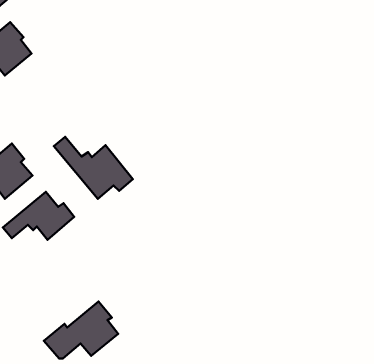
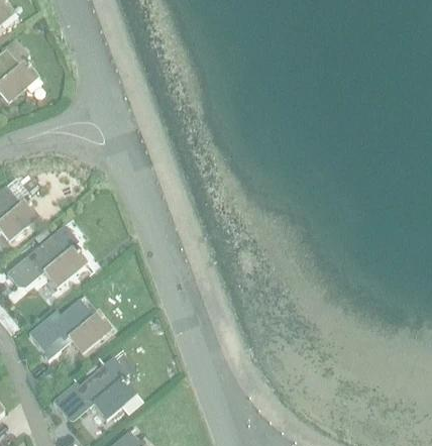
building: [54,137,133,199] -> none
building: none -> [29,300,112,360]

